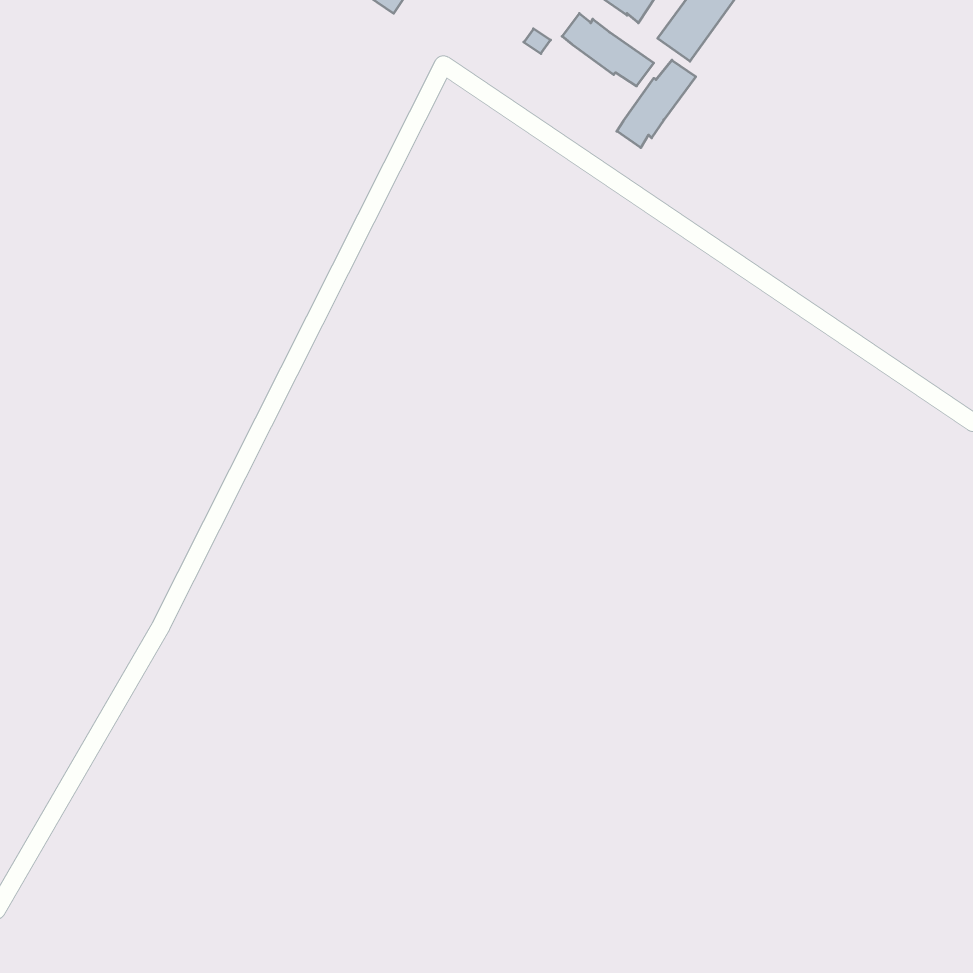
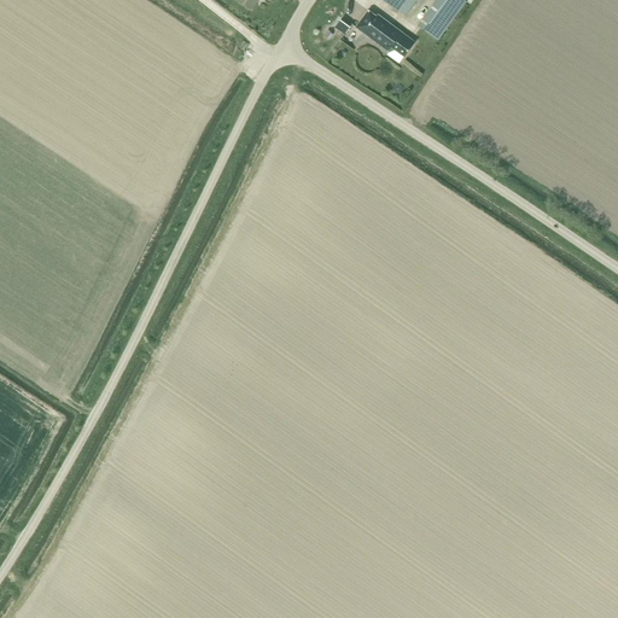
building: [617,60,696,148] -> none

